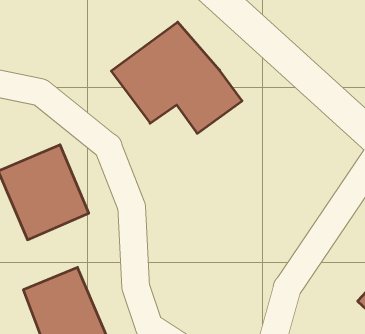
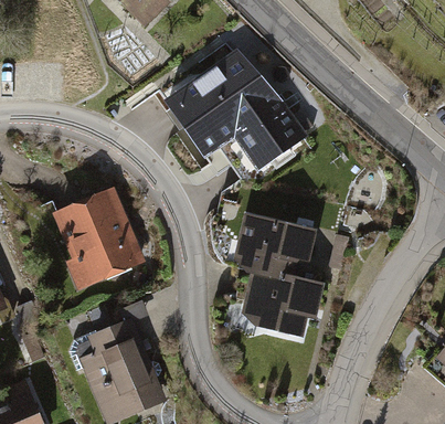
building: none -> [234,211,322,336]

